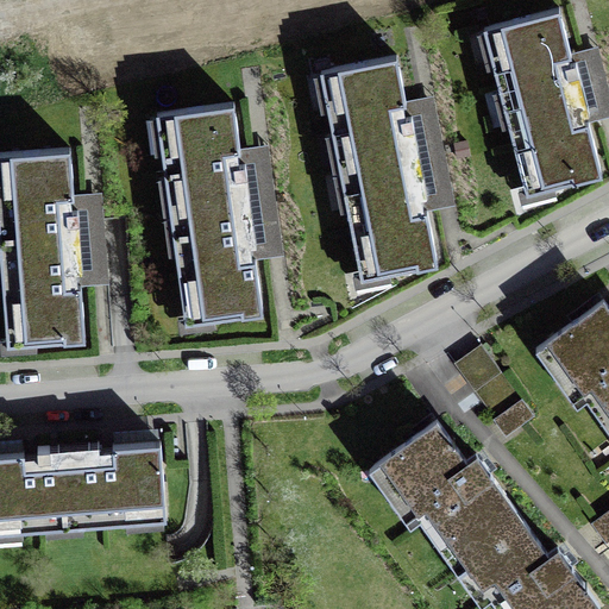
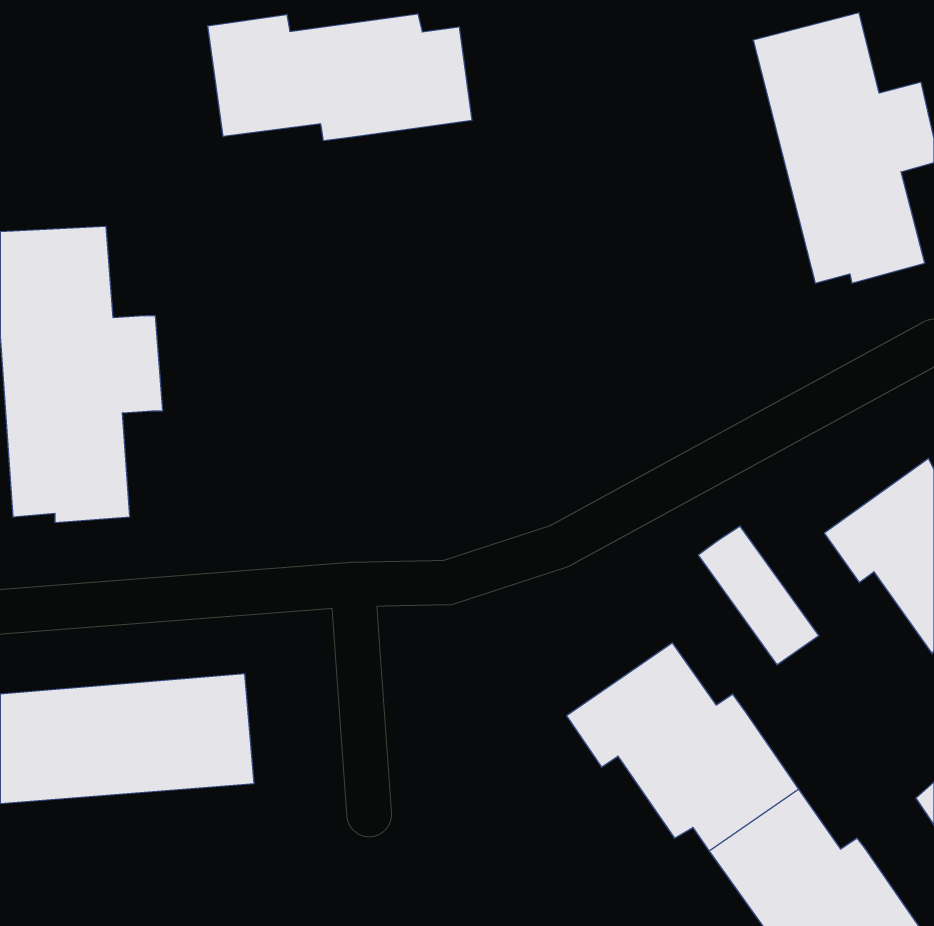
building: none -> [208,14,472,141]
building: [326,59,451,275] -> none
building: [158,106,280,321] -> none

